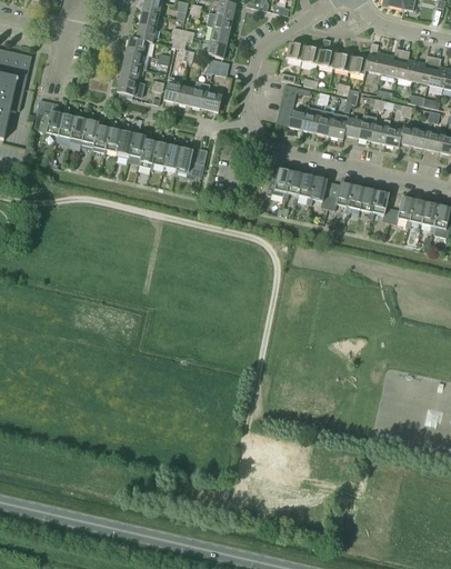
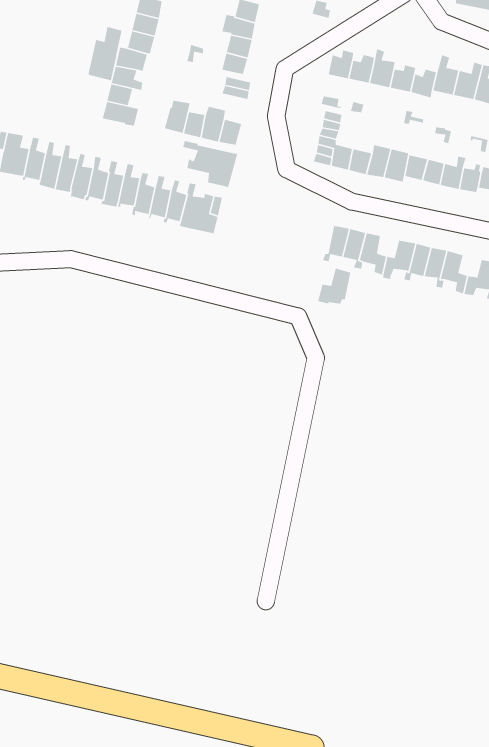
building: none -> [88,26,122,81]
building: none -> [182,140,238,188]
building: [264,167,290,194] -> [317,268,351,304]

